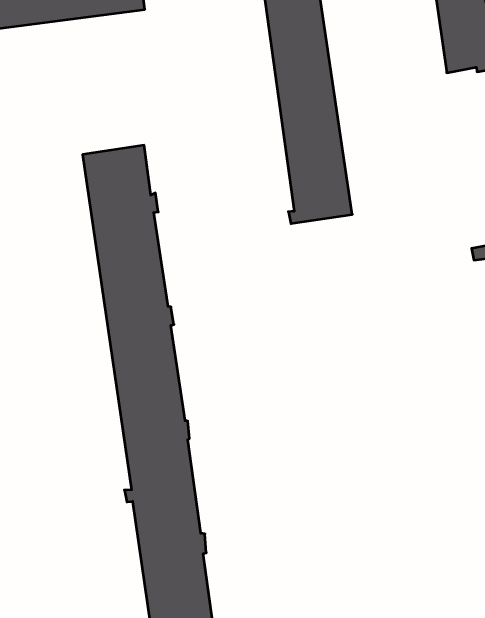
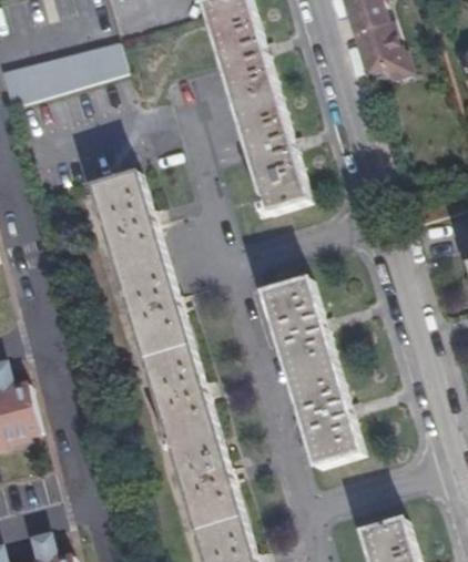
building: none -> [262,286,360,472]

